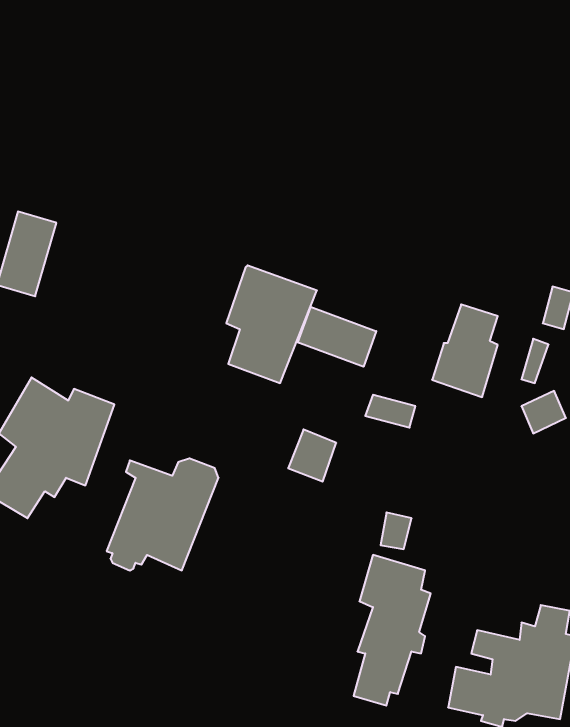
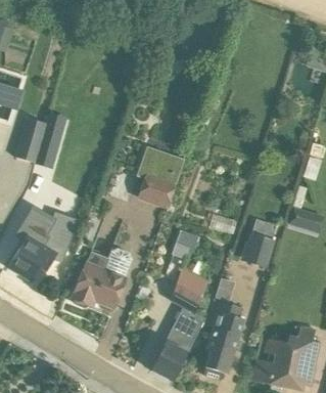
building: none -> [35,114,66,168]
building: [432,304,498,397] -> [240,220,275,269]
building: [298,307,376,367] -> none
building: none -> [150,260,208,382]

